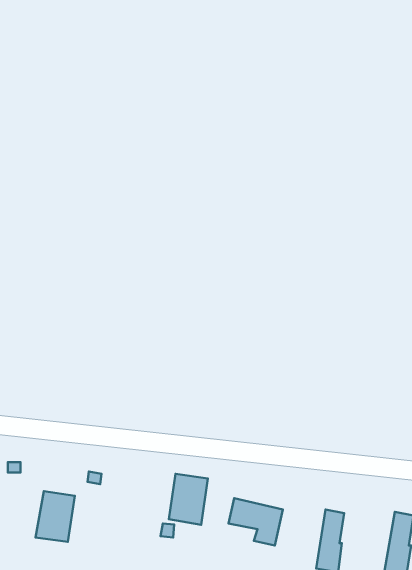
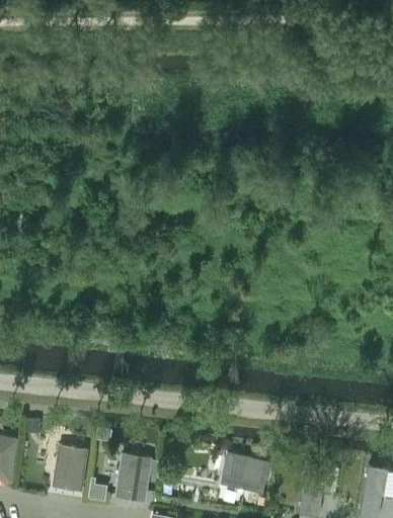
building: [169,474,208,525] -> [116,455,151,500]

